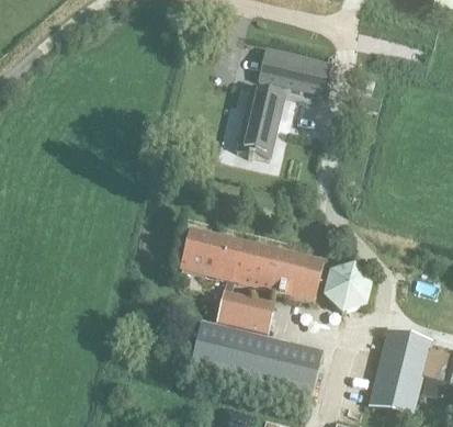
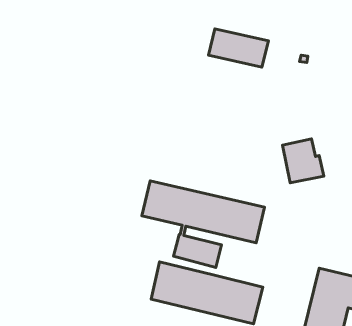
building: [237,86,285,159] -> none
building: [327,259,375,311] -> [283,139,324,183]

